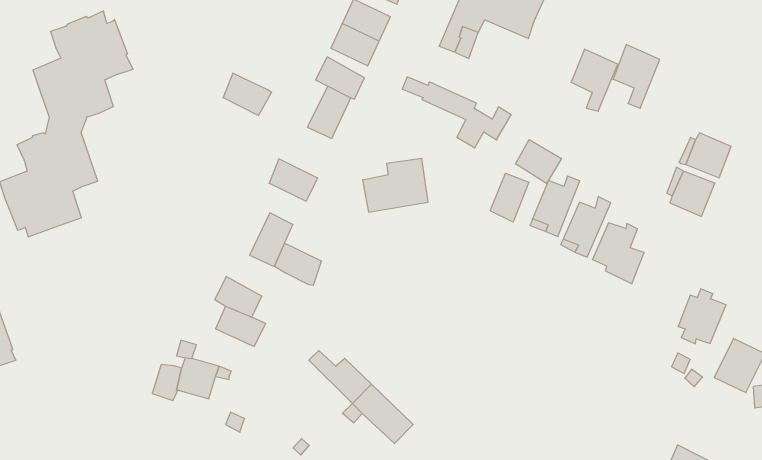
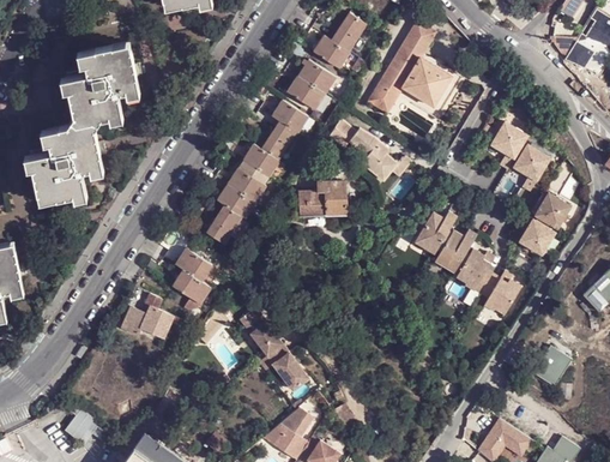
building: [571,49,618,111] -> [512,144,548,191]
building: [223,73,272,116] -> [244,144,280,178]
building: [515,140,561,184] -> none
building: [490,173,529,222] -> none
building: [275,243,322,285] -> [218,186,253,220]
building: [678,289,726,344] -> [482,271,519,312]

